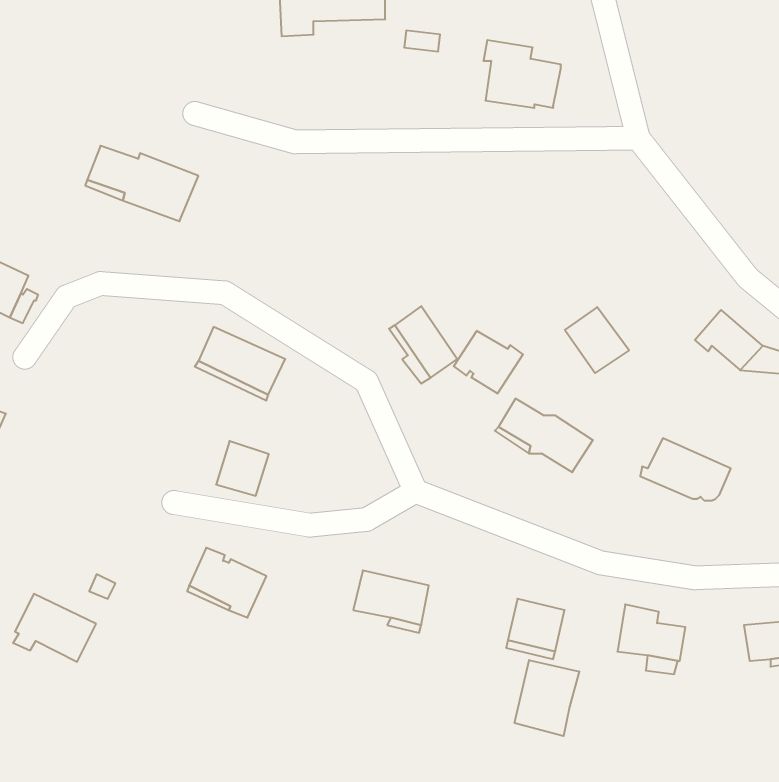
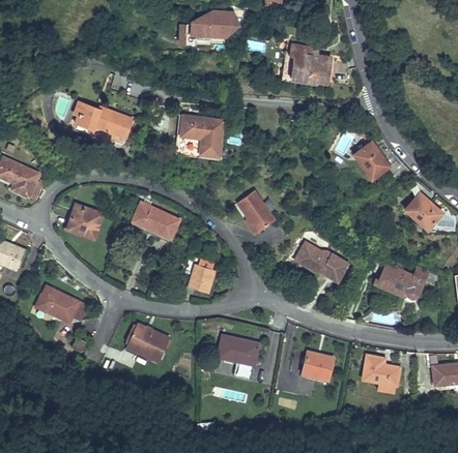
building: none -> [178,115,224,156]
building: [565,307,629,373] -> [354,142,390,178]
building: none -> [67,204,104,238]
building: [454,331,523,394] -> none
building: [216,441,269,496] -> [188,263,217,293]
building: [13,594,96,662] -> [35,285,81,323]
building: [515,660,579,736] -> none

